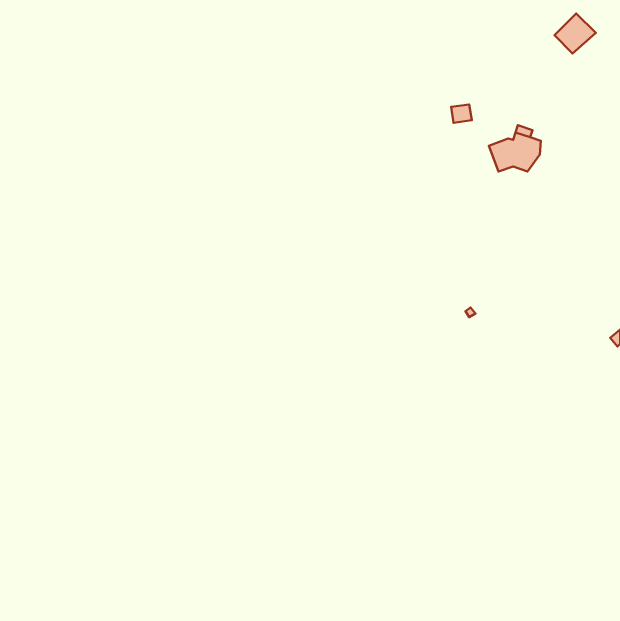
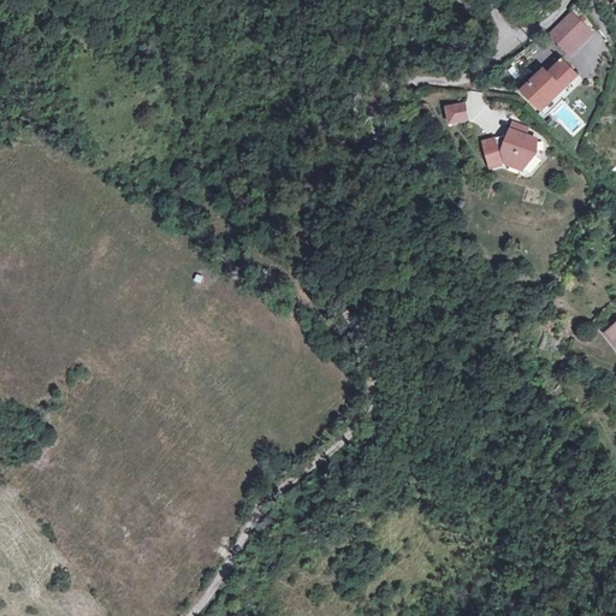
building: none -> [522,58,574,109]

